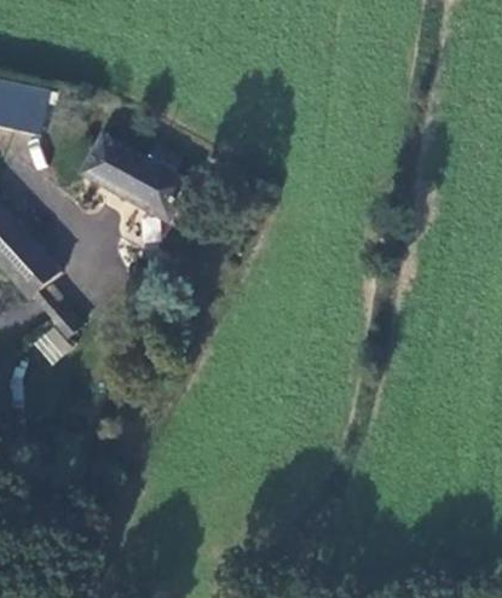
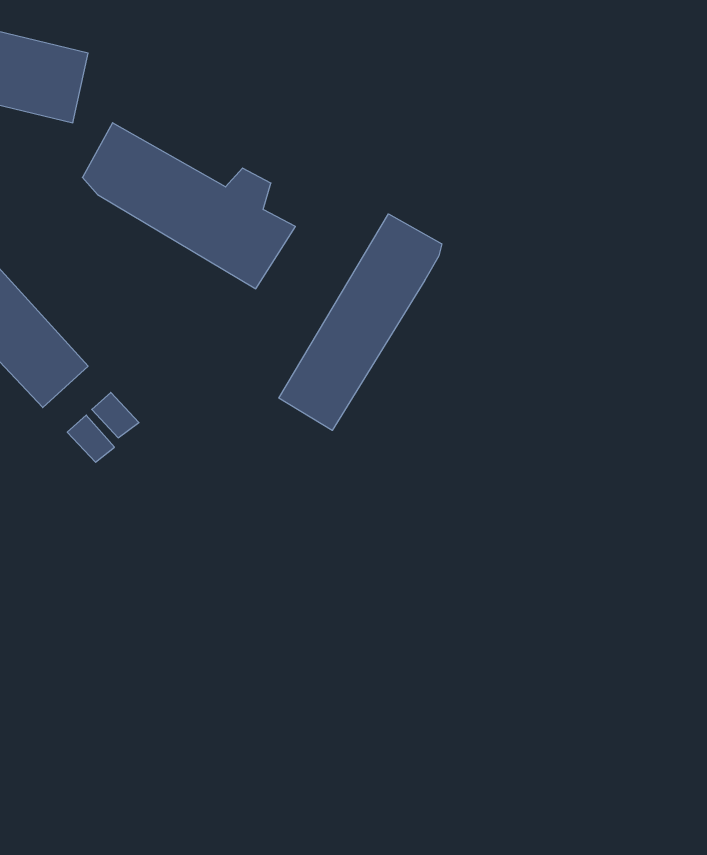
building: none -> [279,214,442,430]

